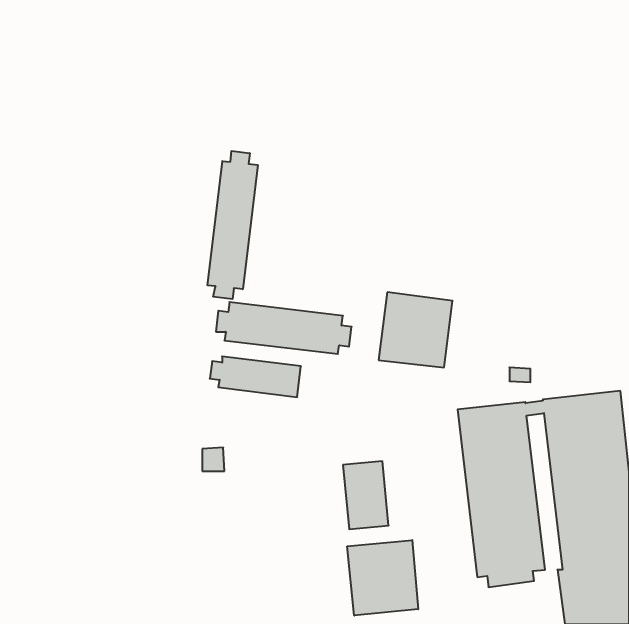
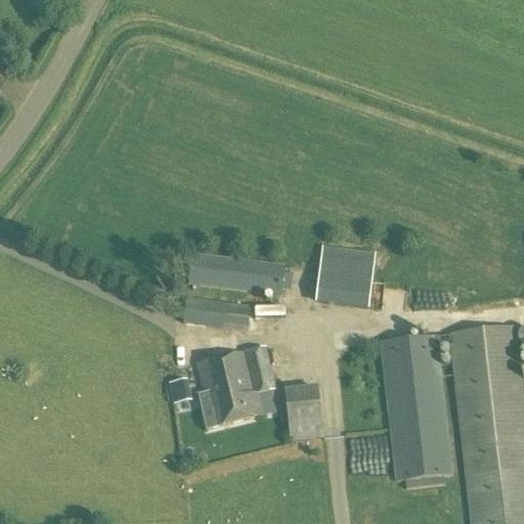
building: [208,151,258,299] -> none
building: none -> [198,345,277,428]
building: [347,540,418,616] -> none

